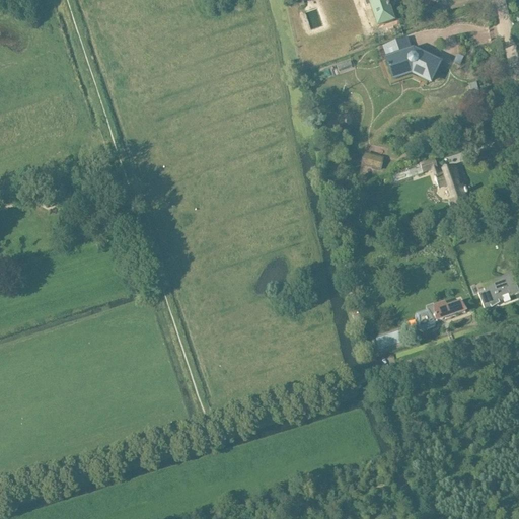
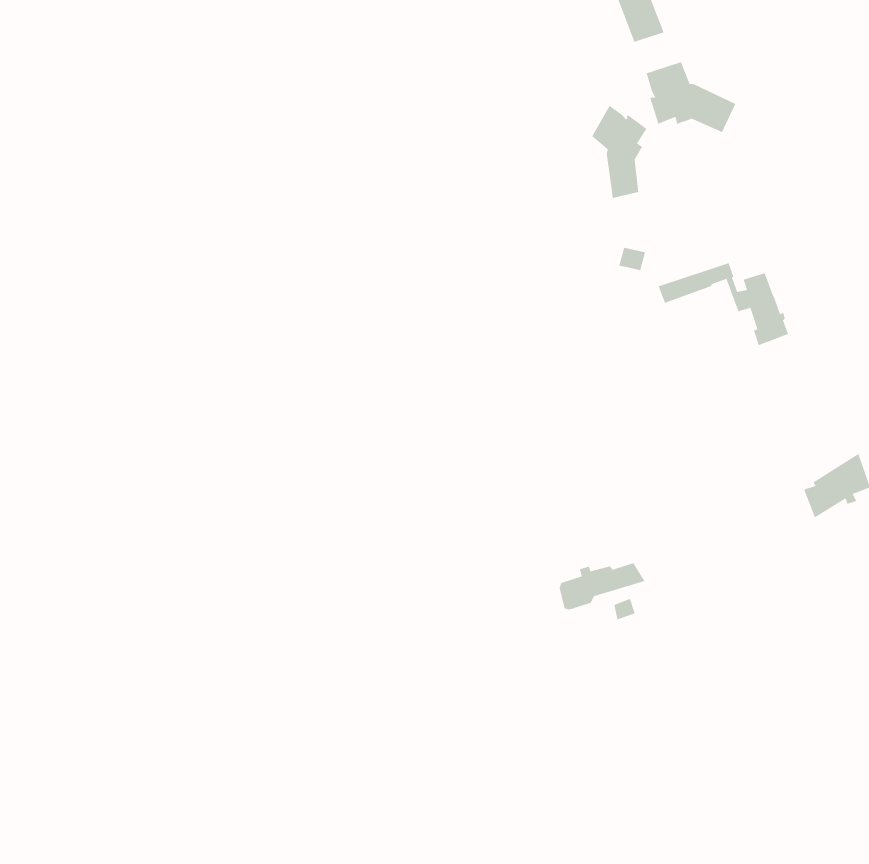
building: none -> [592,105,647,199]
building: [416,300,467,328] -> [559,562,646,610]

